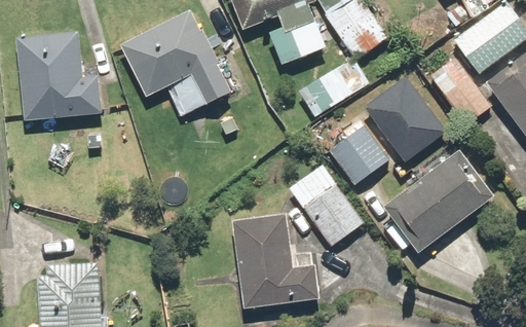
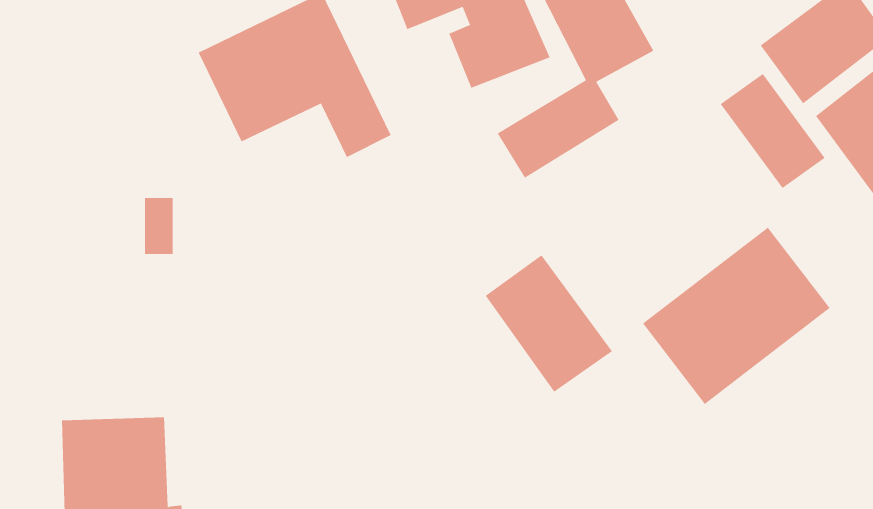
building: [14,31,102,121] -> none
building: [364,76,447,164] -> none
building: [328,124,390,188] -> none
building: [231,212,318,308] -> none

